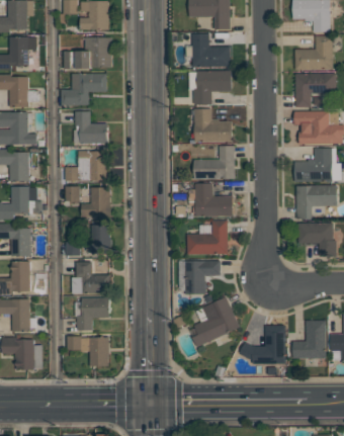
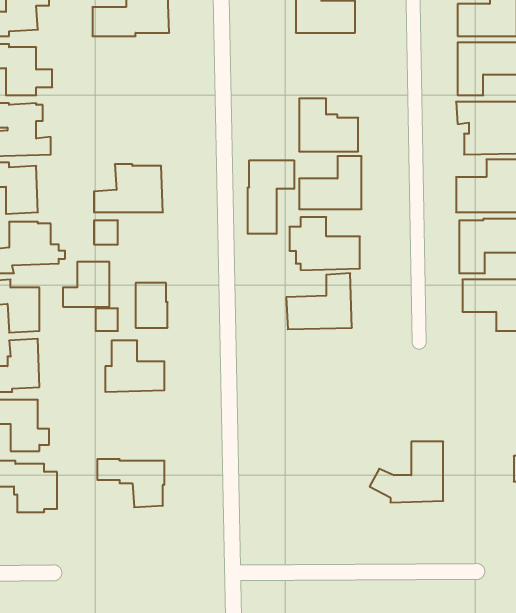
building: [189,70,231,104] -> none
building: [61,73,107,105] -> none
building: [74,110,107,143] -> none
building: none -> [248,160,294,234]
building: [81,187,110,215] -> [63,262,109,307]
building: [184,260,220,293] -> none
building: [75,296,109,330] -> none
building: [192,296,240,346] -> none
building: [292,320,326,357] -> none

